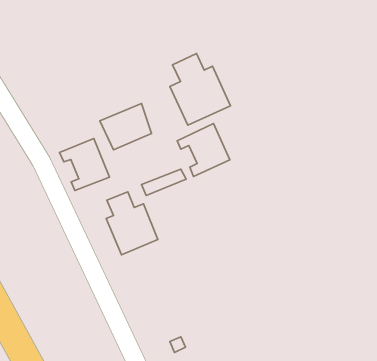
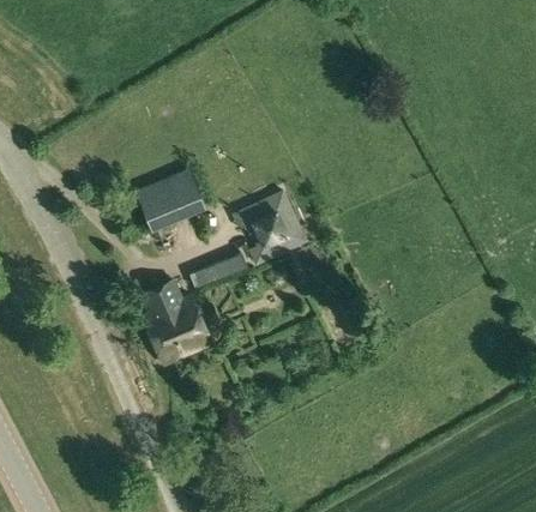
building: [170,53,230,125] -> none
building: [60,138,110,191] -> none

